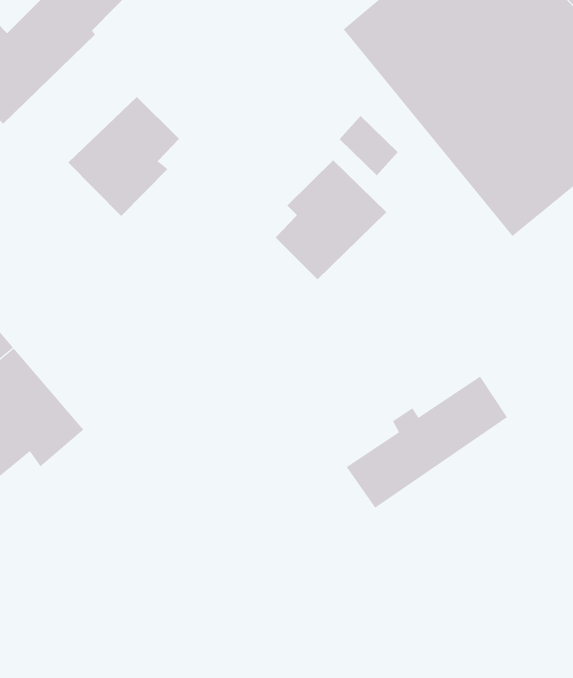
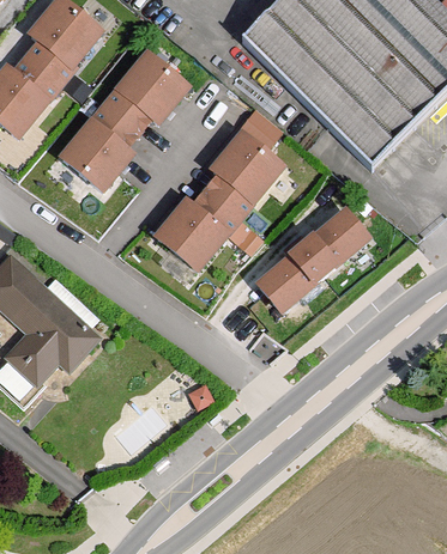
building: none -> [104,51,186,129]
building: none -> [159,190,241,268]
building: [346,376,508,509] -> [258,208,366,306]

